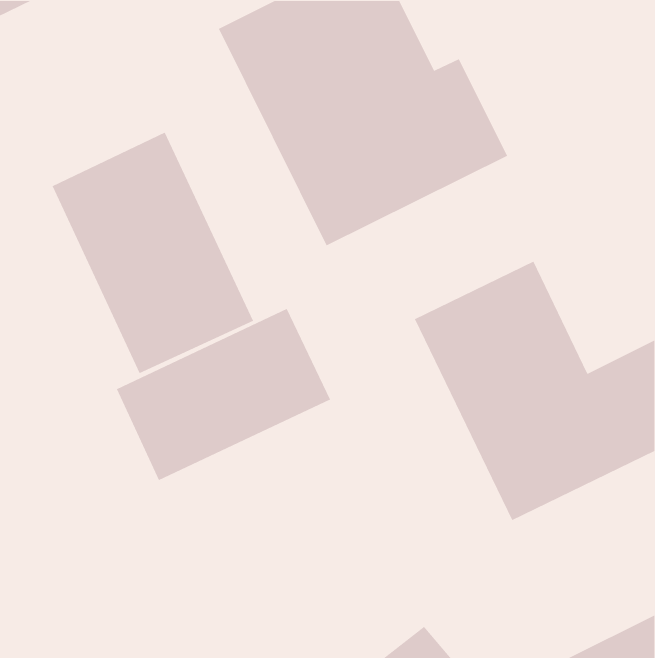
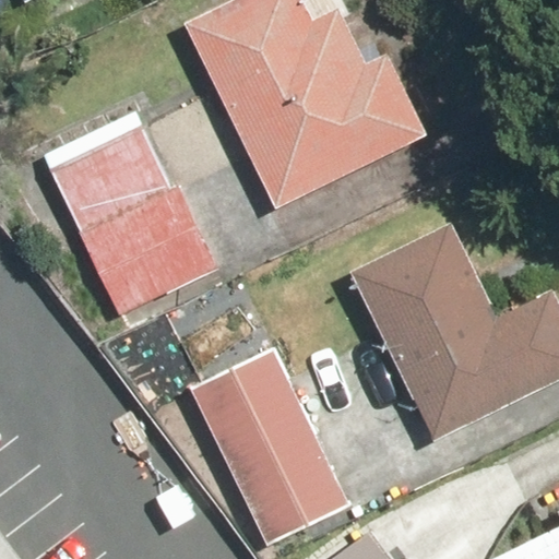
building: [116,308,331,481] -> none
building: none -> [192,348,345,542]

